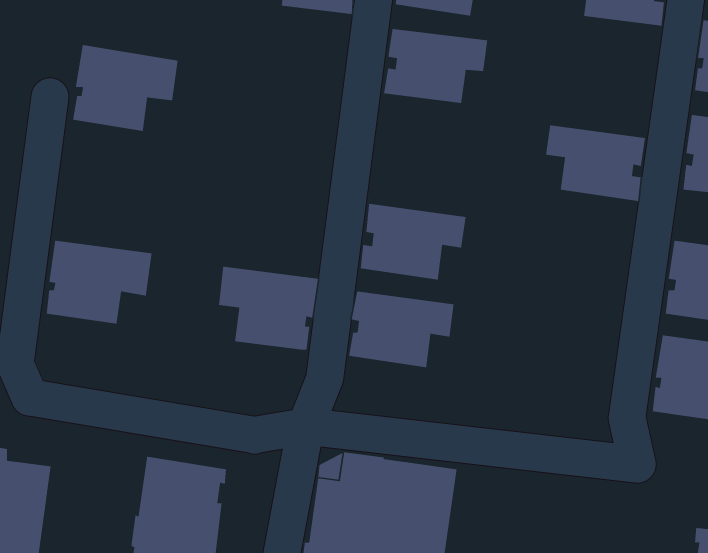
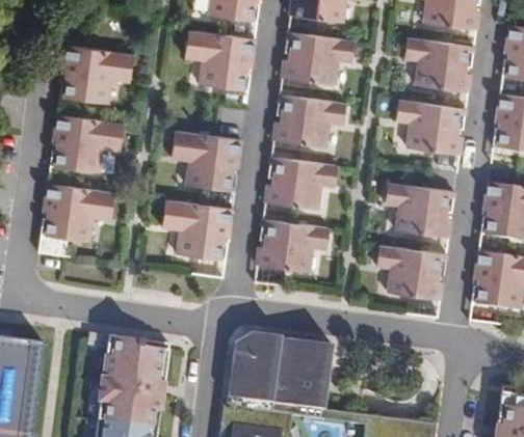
building: none -> [184,31,256,92]
building: none -> [403,38,475,93]
building: none -> [271,94,347,148]
building: none -> [50,116,123,173]
building: none -> [171,132,243,192]
building: none -> [383,183,456,239]
building: none -> [375,247,448,301]

